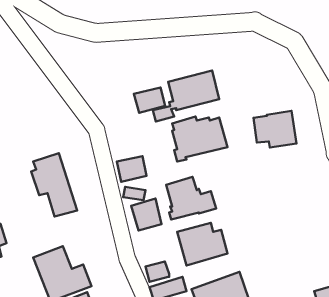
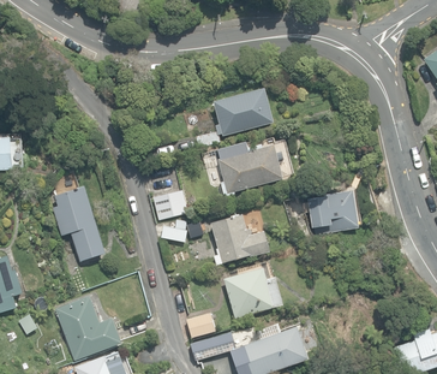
building: [134,88,165,113] -> none
building: [254,111,297,148] -> [306,190,357,233]
building: [131,199,162,231] -> none

